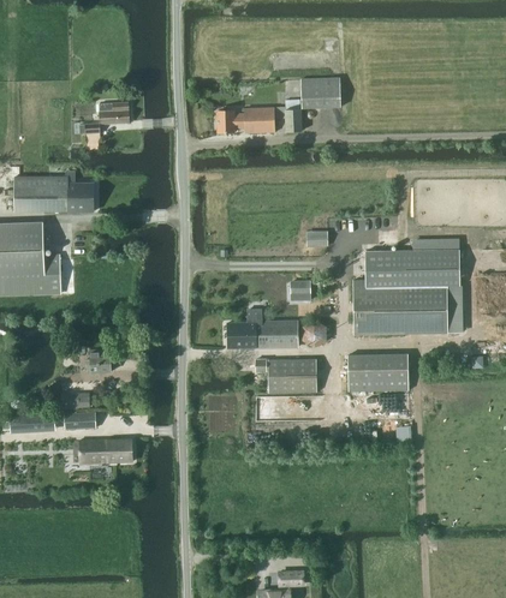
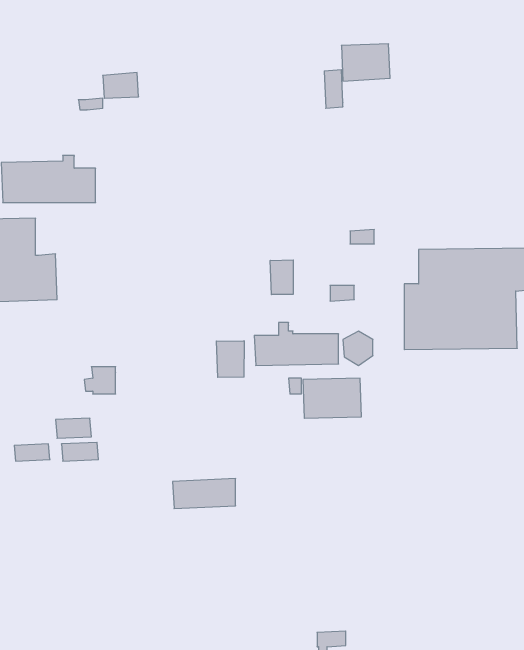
building: [218,108,275,133] -> none
building: none -> [270,260,293,295]
building: none -> [216,341,244,377]
building: [347,353,409,391] -> none
building: [79,438,132,464] -> [173,479,236,509]

